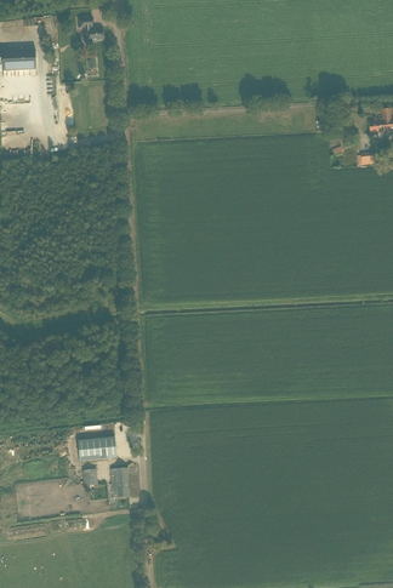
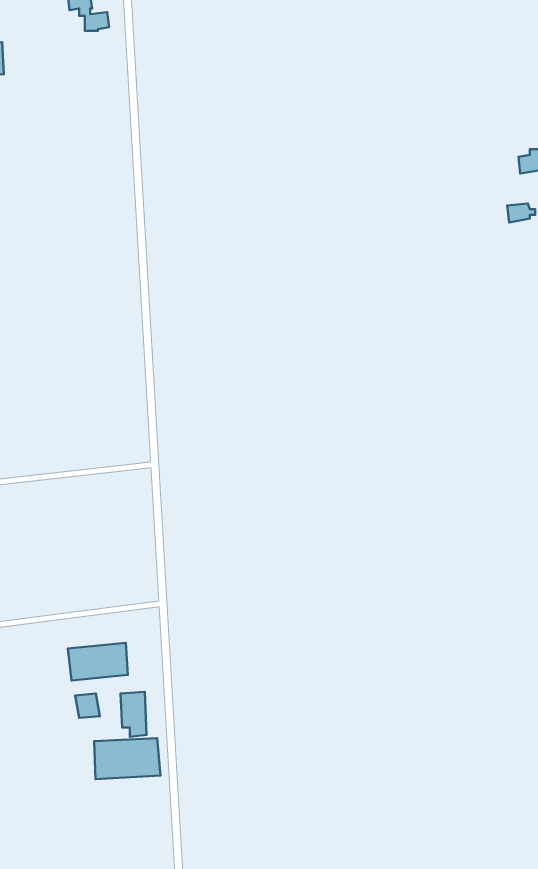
building: none -> [94,738,161,779]

